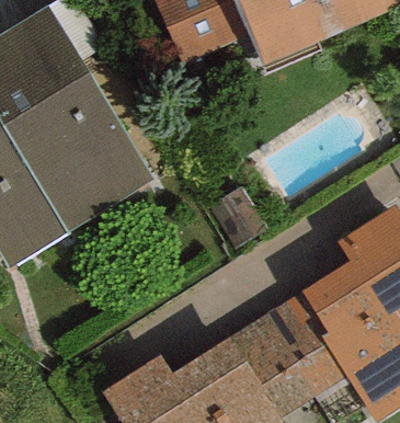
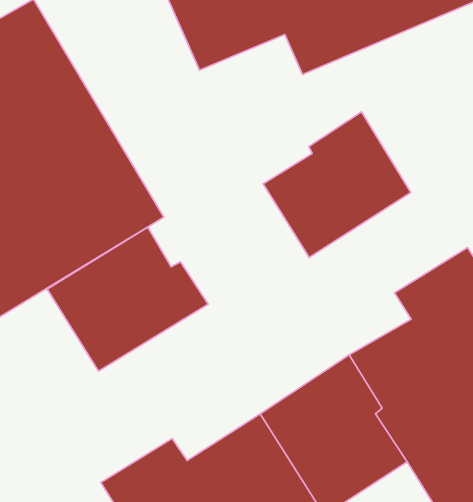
building: none -> [263,112,411,257]
building: none -> [47,227,208,371]

